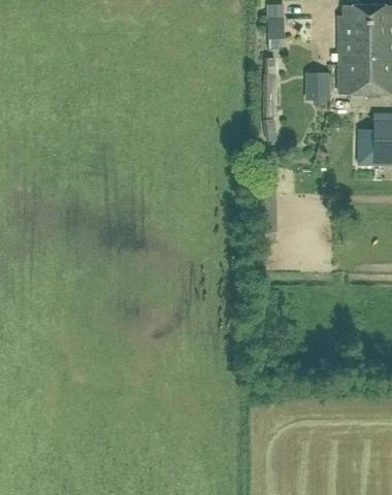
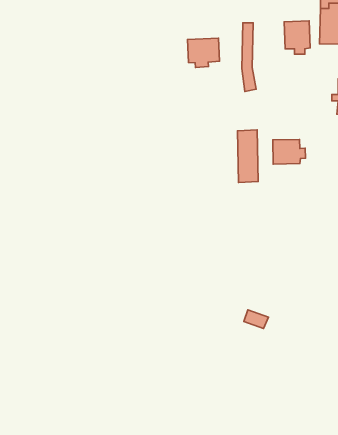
building: none -> [188,38,220,67]
building: none -> [273,139,306,164]

